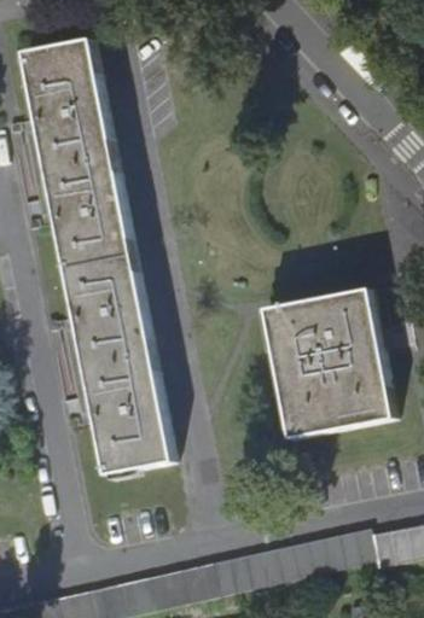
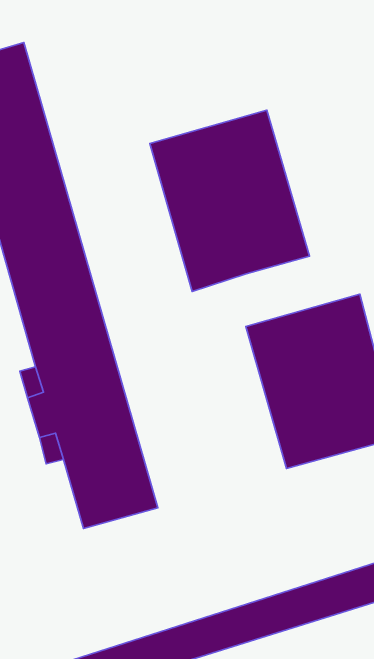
building: none -> [150,110,310,292]

